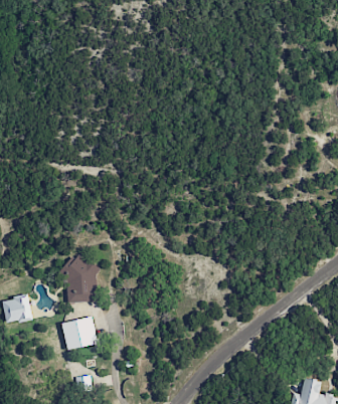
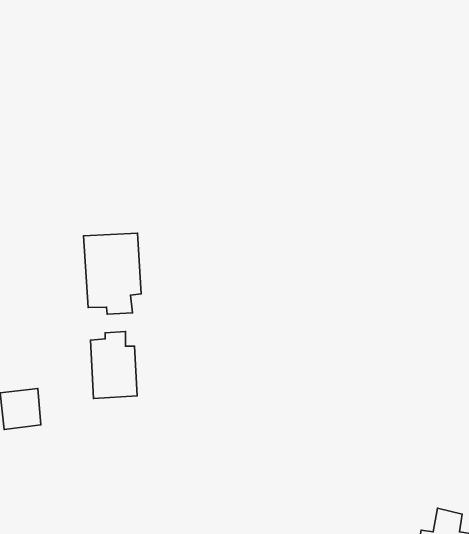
building: none -> [83,233,141,314]
building: [61,317,98,350] -> none

